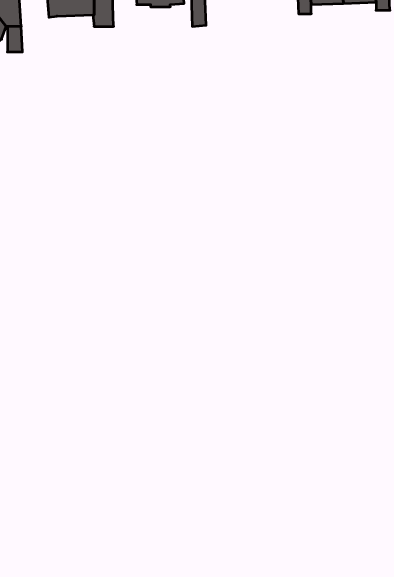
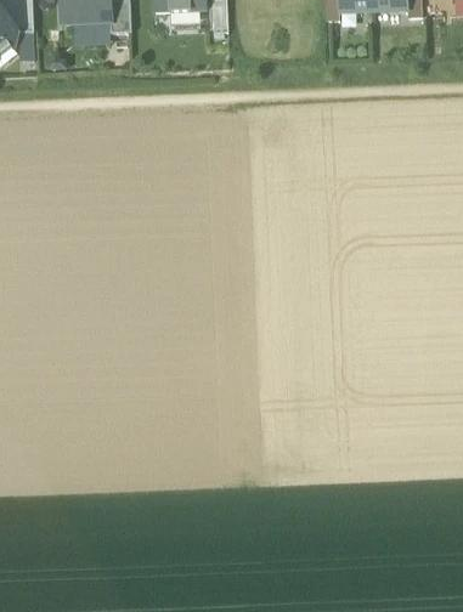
building: none -> [69,21,108,45]

